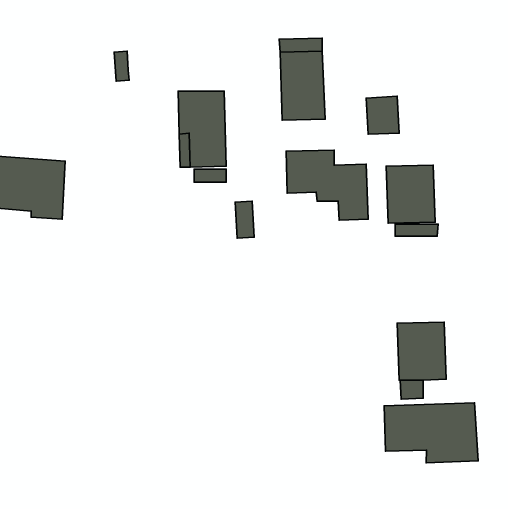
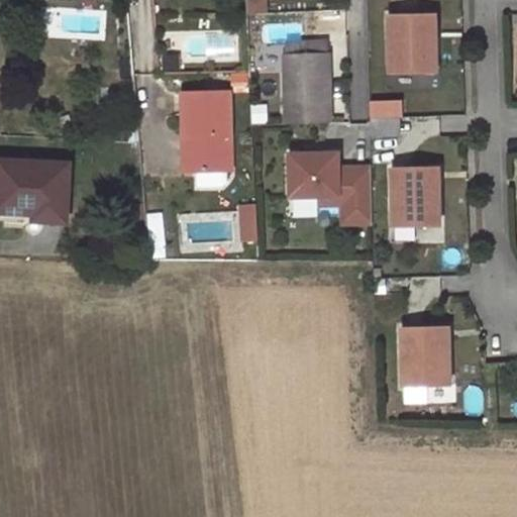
building: none -> [387,13,435,72]
building: [384,403,478,463] -> none

